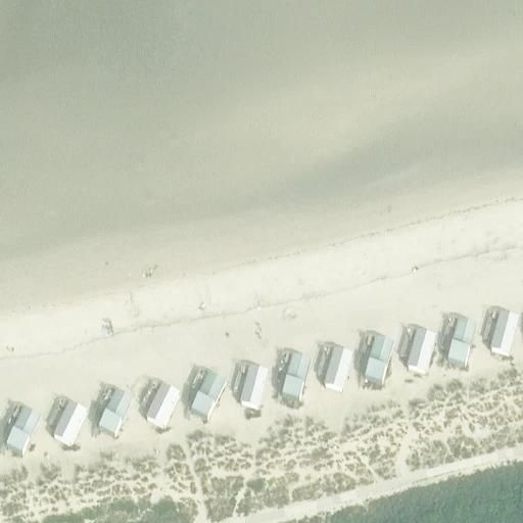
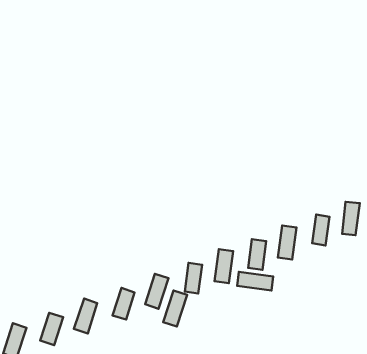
building: none -> [237,272,273,291]
building: none -> [163,291,187,326]

